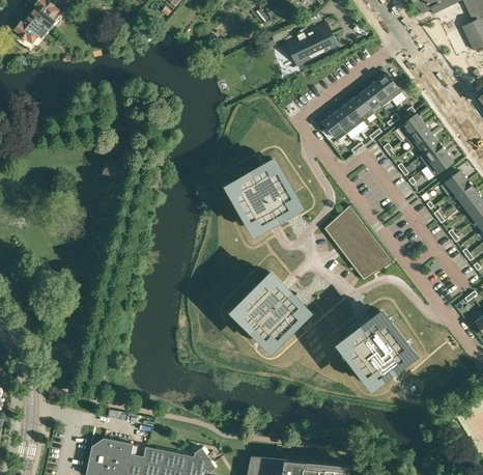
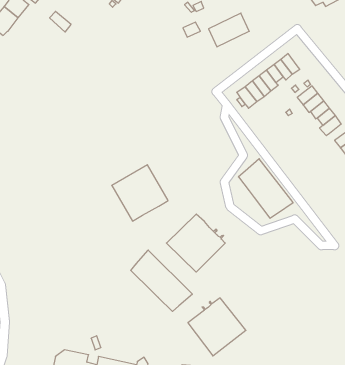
building: [228,160,299,230] -> [112,165,168,221]
building: [340,312,413,385] -> [188,298,246,356]
building: none -> [131,250,192,311]

